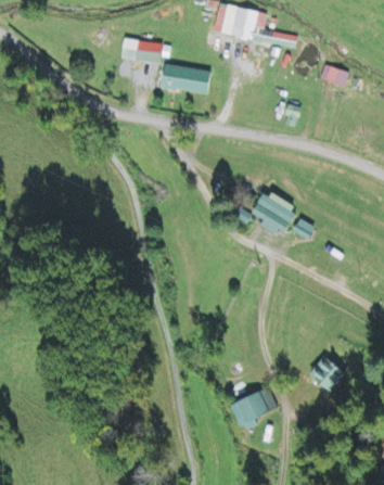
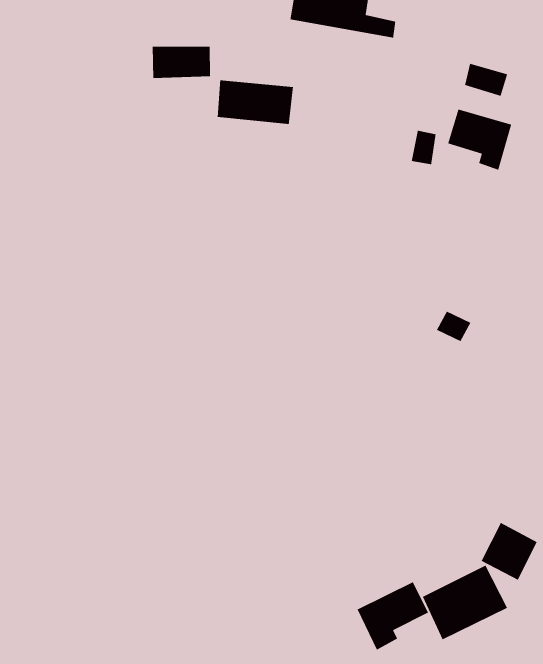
building: none -> [447,109,512,171]
building: [253,191,297,234] -> none
building: none -> [422,565,508,641]

